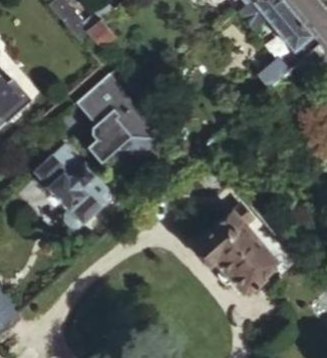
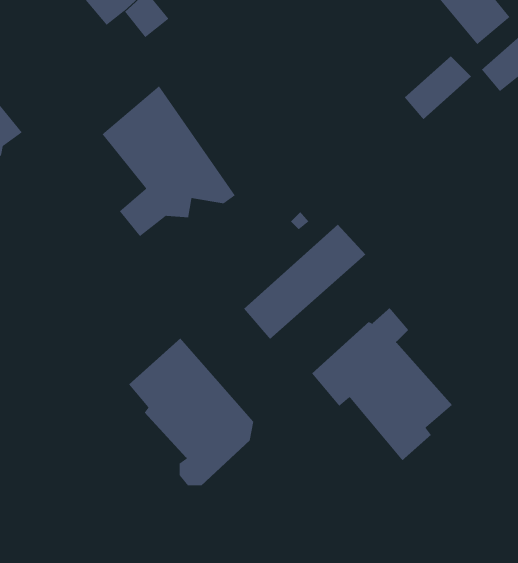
building: [34,146,106,232] -> [128,337,254,486]
building: none -> [243,224,366,340]

